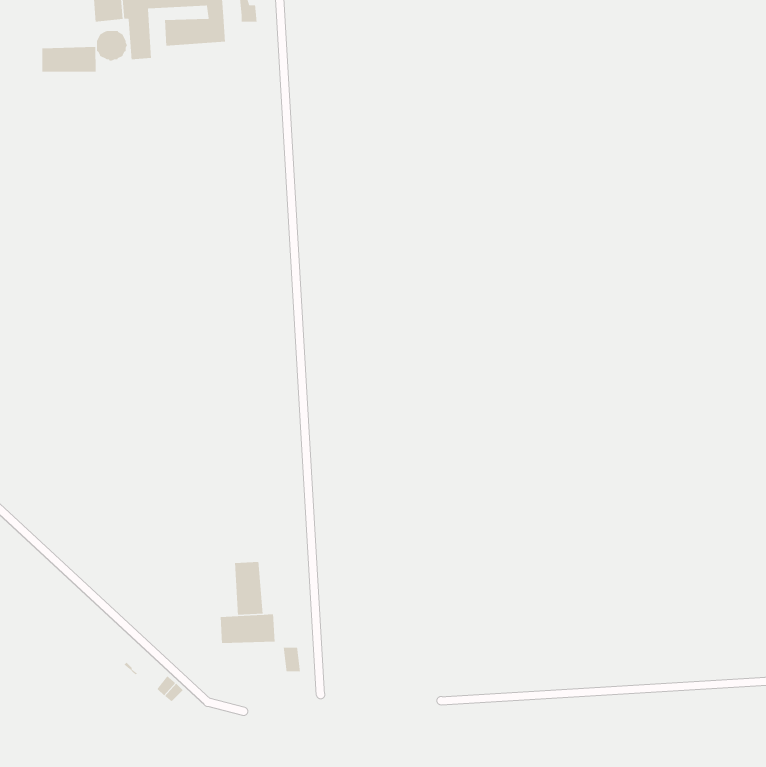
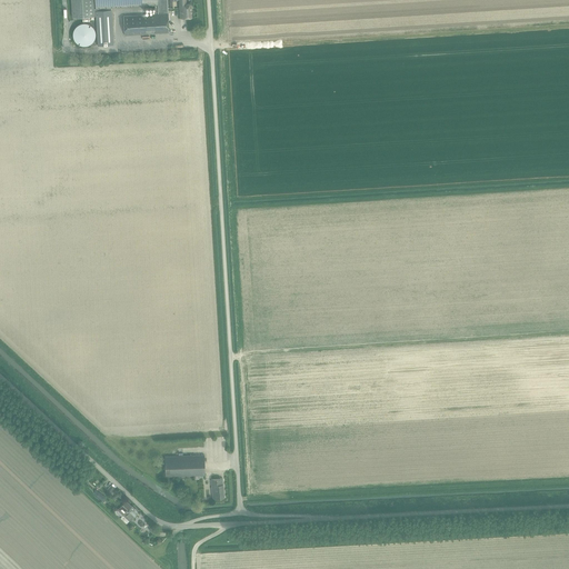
building: [41,46,96,72] -> none
building: [234,561,264,616] -> none

